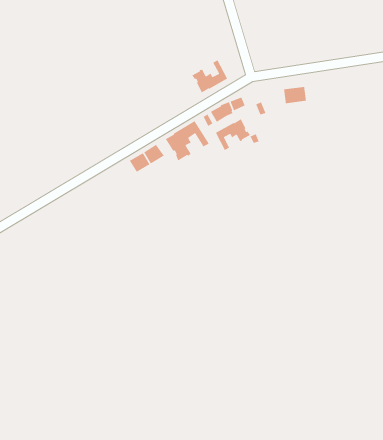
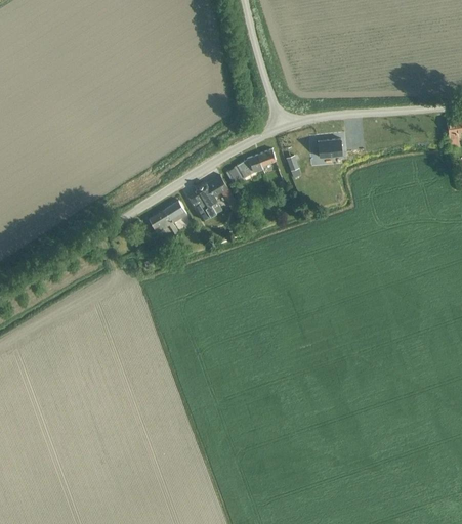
building: [191,59,228,93] -> none
building: [215,118,251,151] -> none

